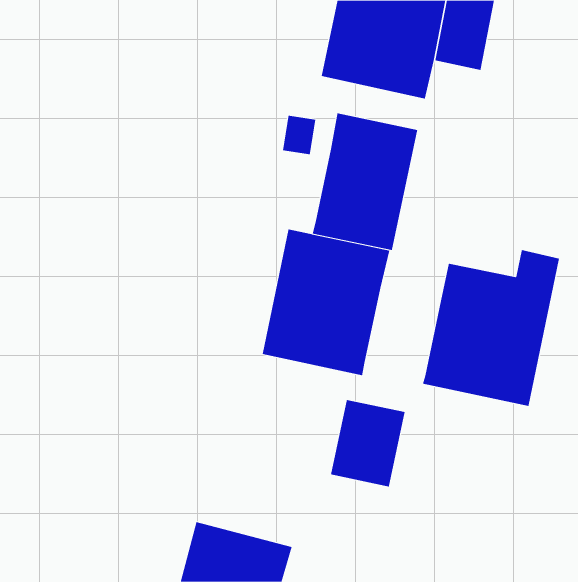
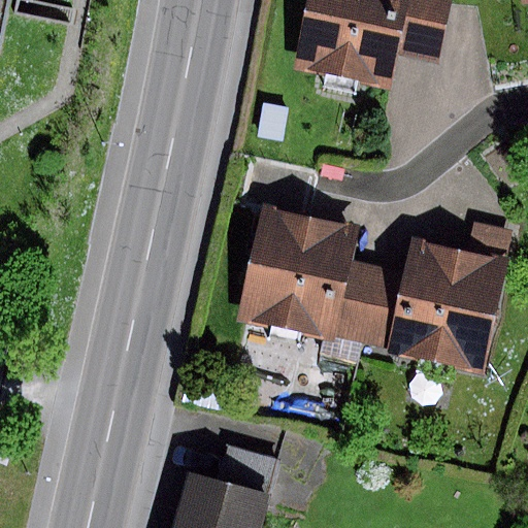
building: [312,112,418,251] -> none
building: [330,399,405,487] -> [334,261,402,340]

